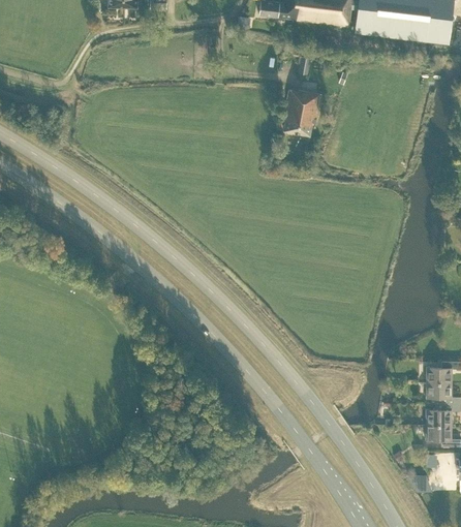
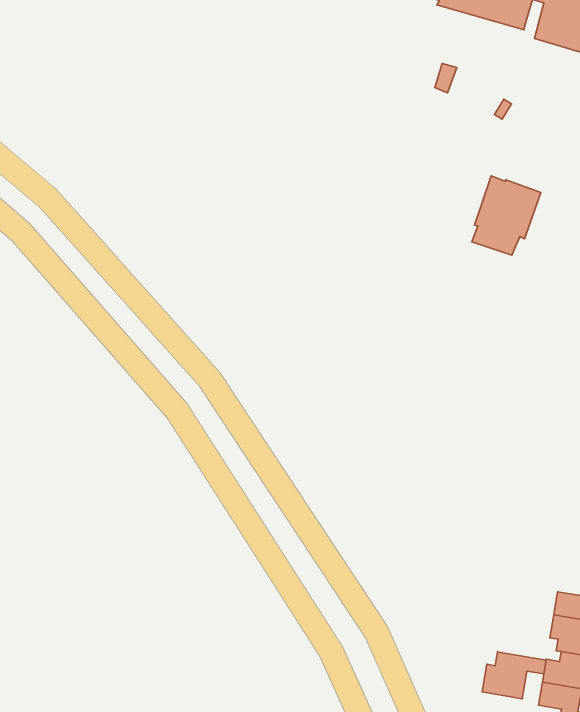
building: [283,87,320,133] -> [472,176,541,255]
building: none -> [482,652,546,699]

